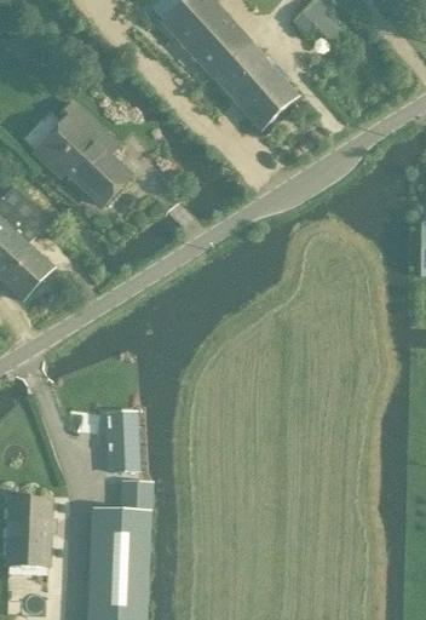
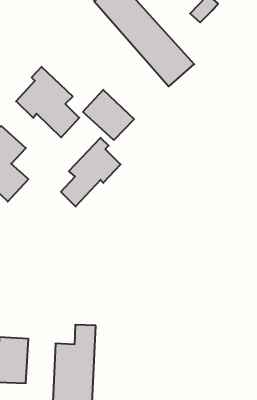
building: none -> [83,90,134,140]
building: none -> [61,138,121,207]
building: [104,409,138,472] -> none

